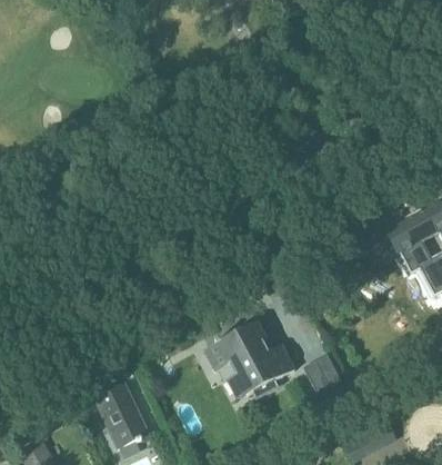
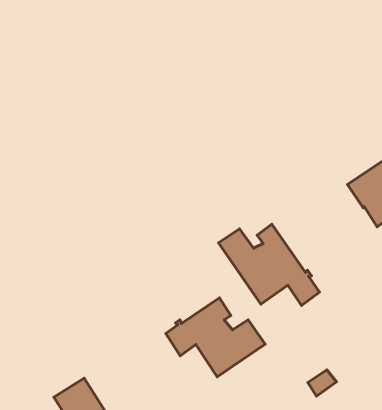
building: none -> [218,224,319,306]
building: [303,354,341,393] -> none

